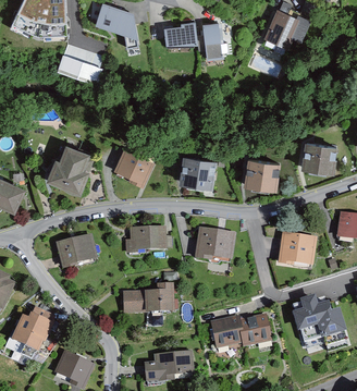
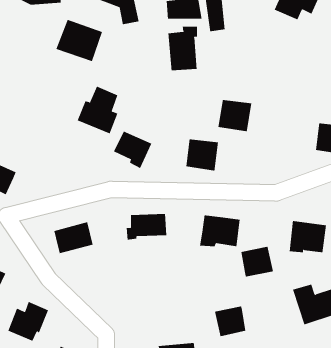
building: none -> [168,26,197,71]
building: [48,147,87,193] -> [77,86,118,134]
building: [247,160,280,191] -> [218,100,252,132]
building: [124,283,175,311] -> none
building: [237,315,269,344] -> [241,246,274,277]

